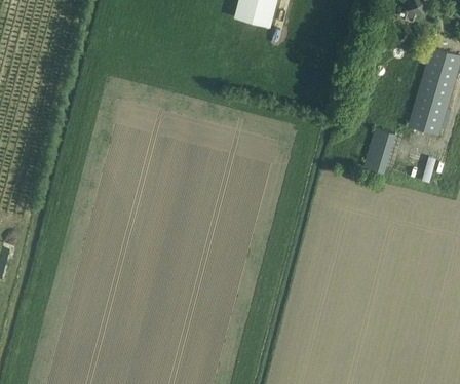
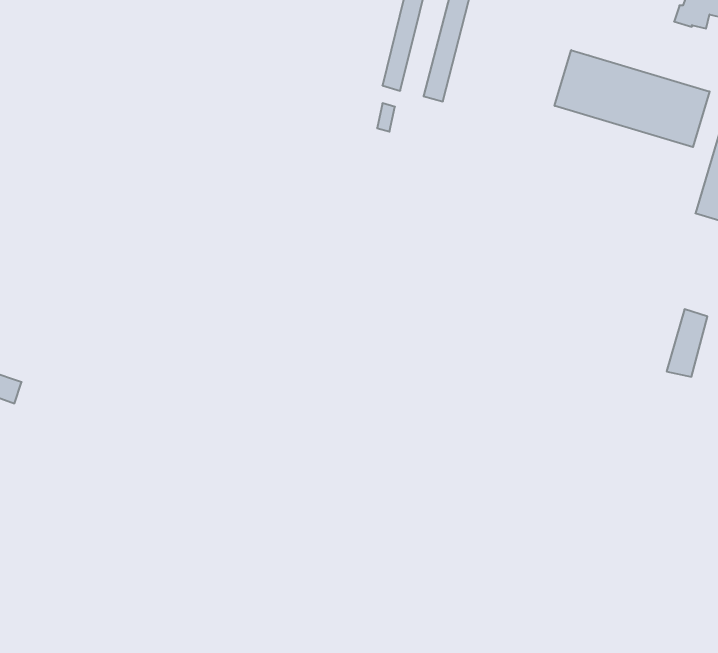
building: none -> [555,50,710,147]
building: [370,130,393,169] -> [667,309,707,377]

